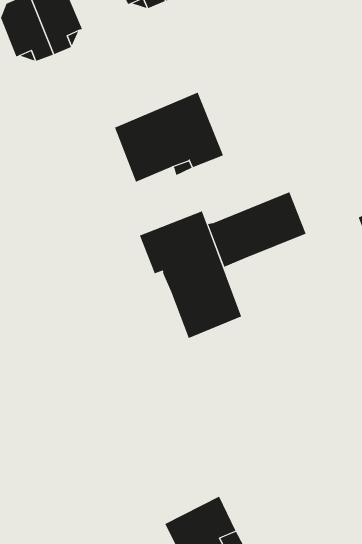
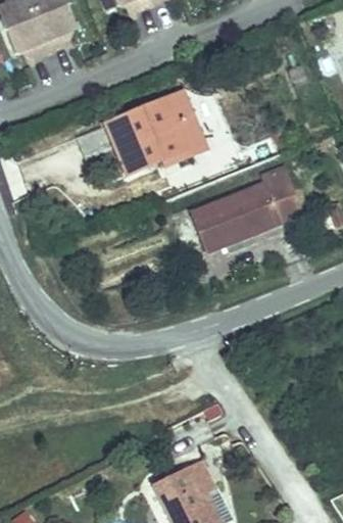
building: none -> [266,173,301,219]
building: [139,210,242,339] -> none

